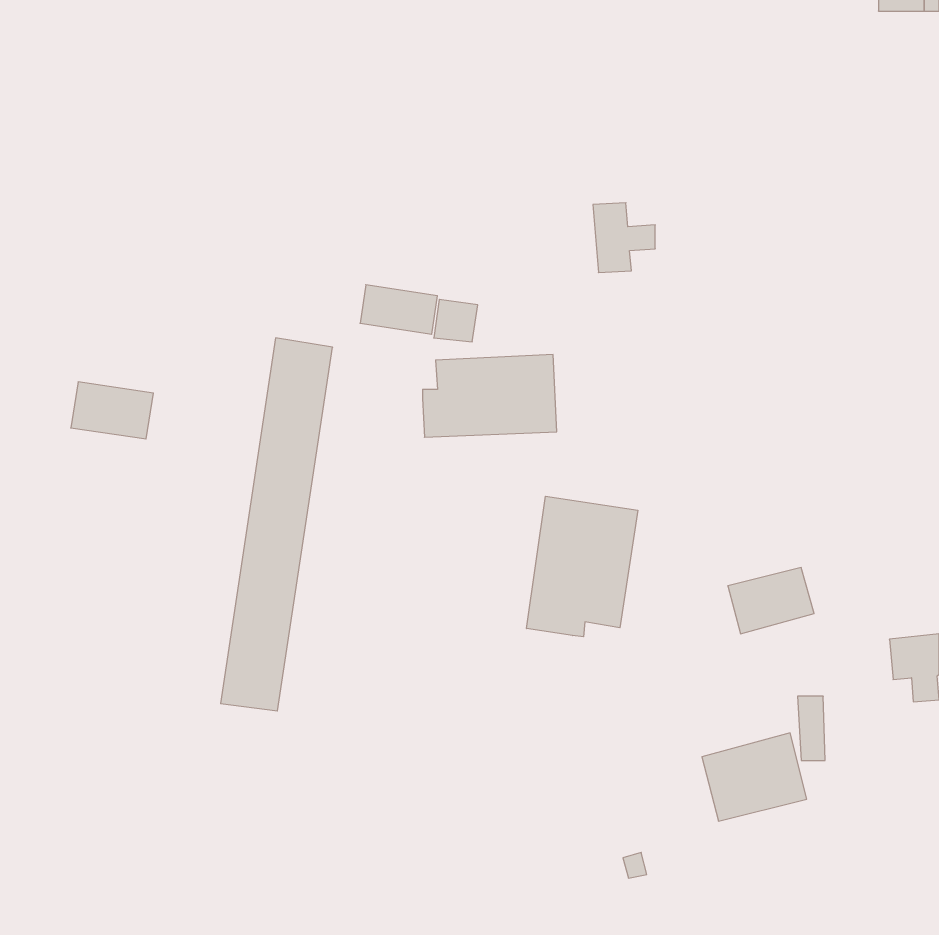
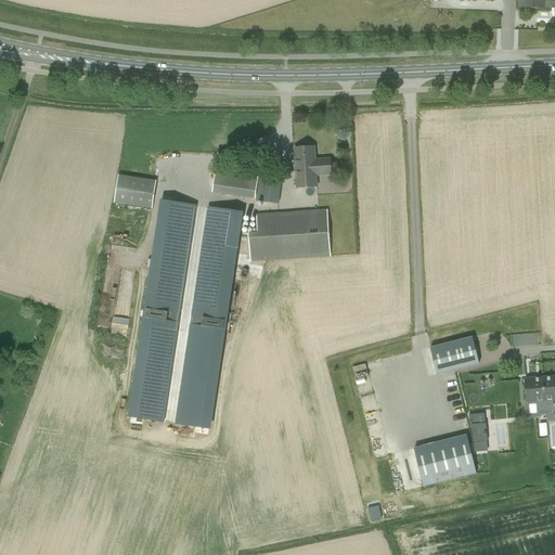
building: [593,203,655,273] -> [294,144,331,185]
building: none -> [176,206,241,427]
building: [71,382,153,439] -> [114,173,163,207]
building: [527,496,638,637] -> none

